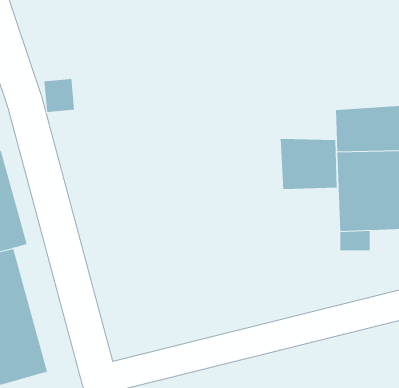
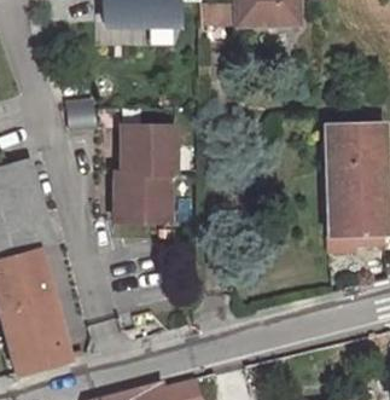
building: none -> [117,128,177,224]
building: [280,138,337,190] -> none

